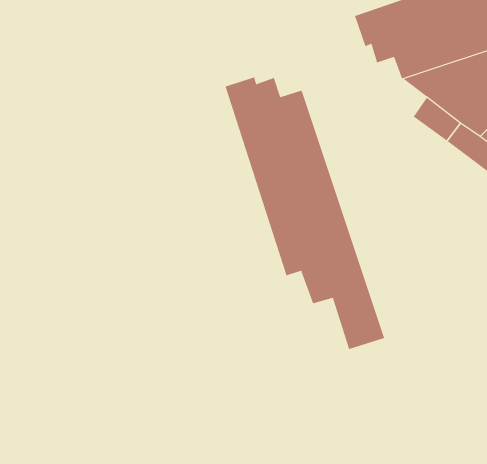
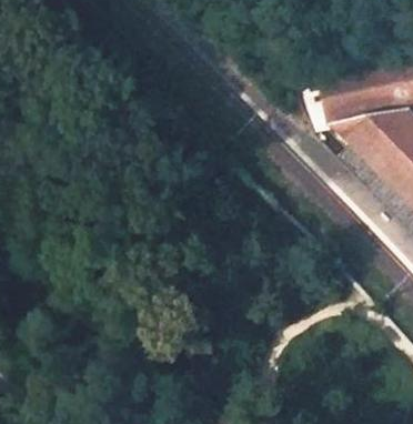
building: [225,76,385,350] -> none

